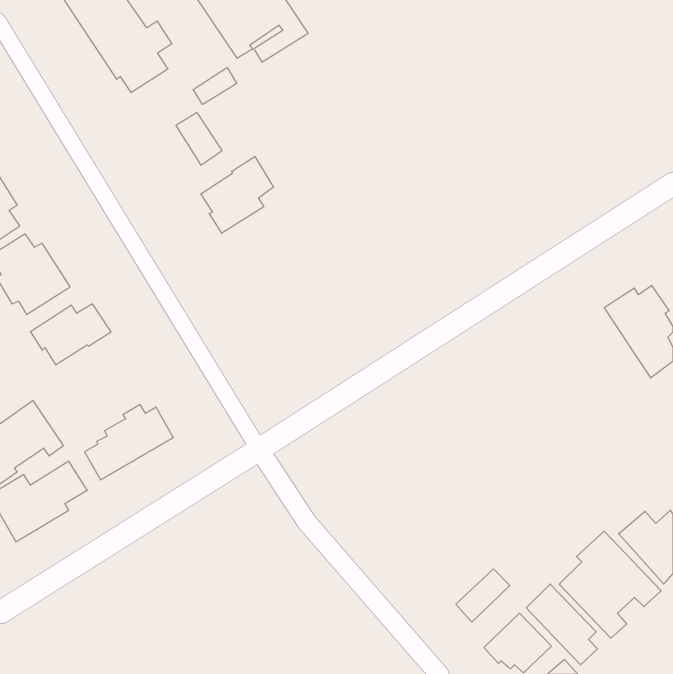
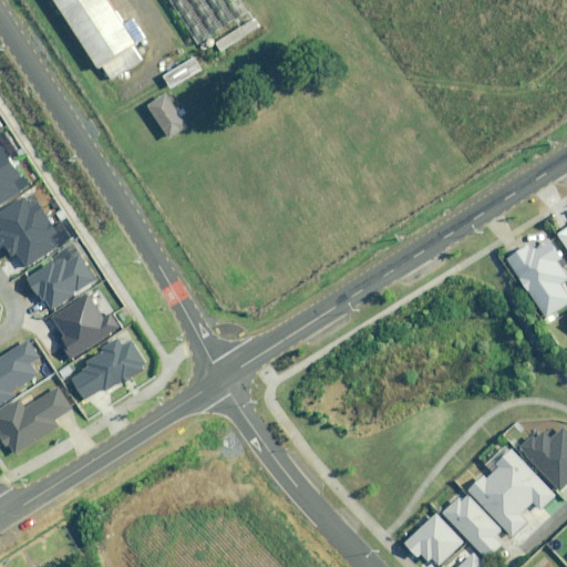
building: [201,157,274,233] -> none
building: none -> [47,296,121,359]
building: [456,569,510,622] -> none

